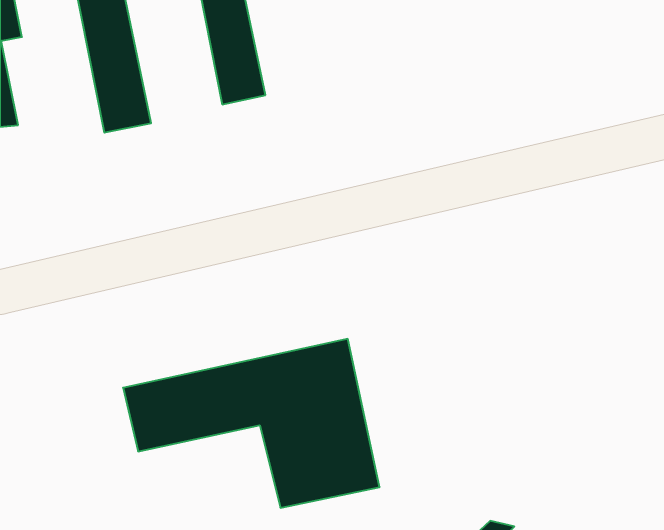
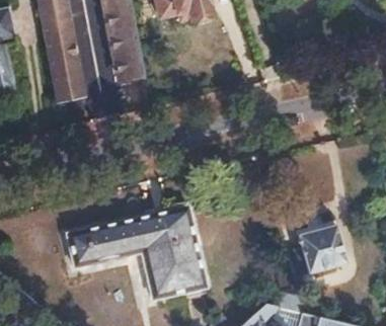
building: none -> [297,225,348,273]

